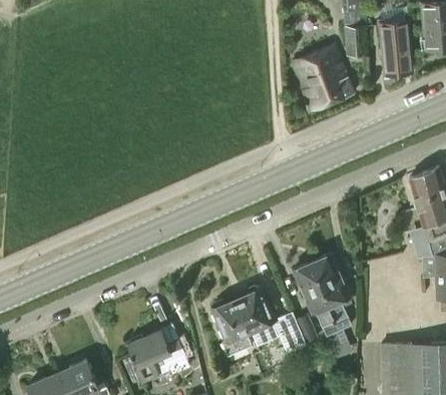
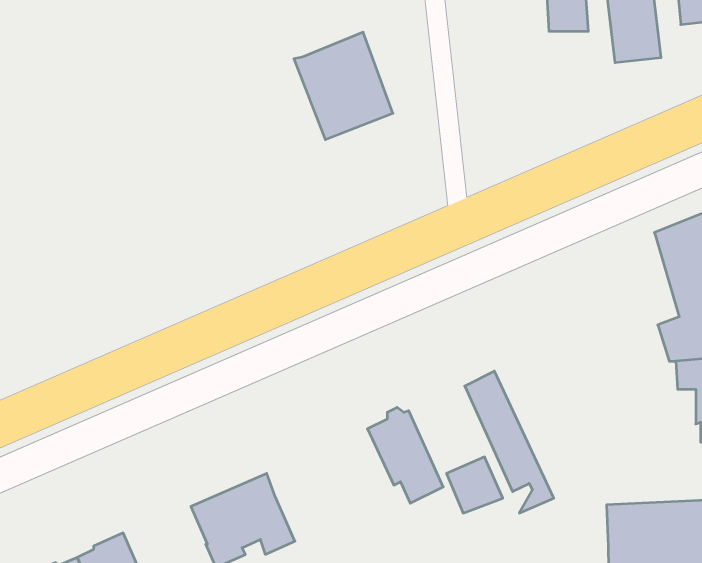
building: [292,44,352,109] -> [294,32,393,140]
building: [312,255,350,327] -> none
building: [210,298,253,357] -> none

